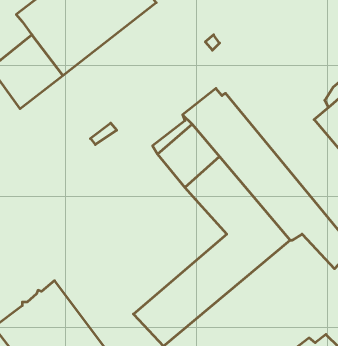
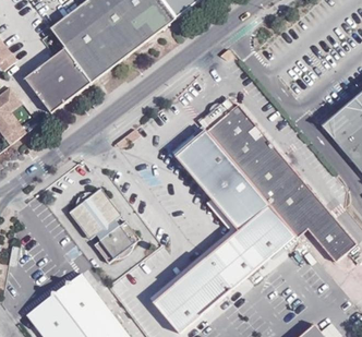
building: none -> [69,188,140,265]
building: none -> [150,198,240,303]

